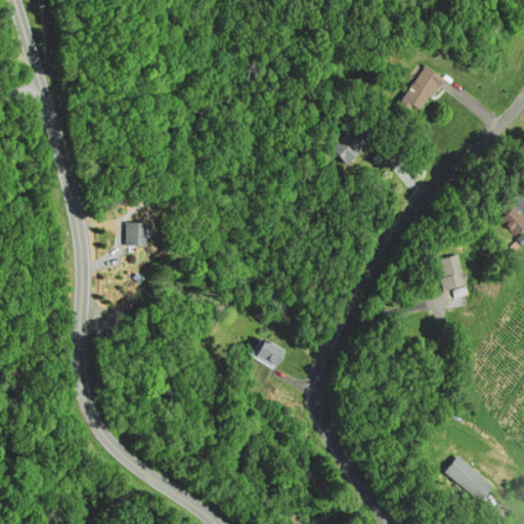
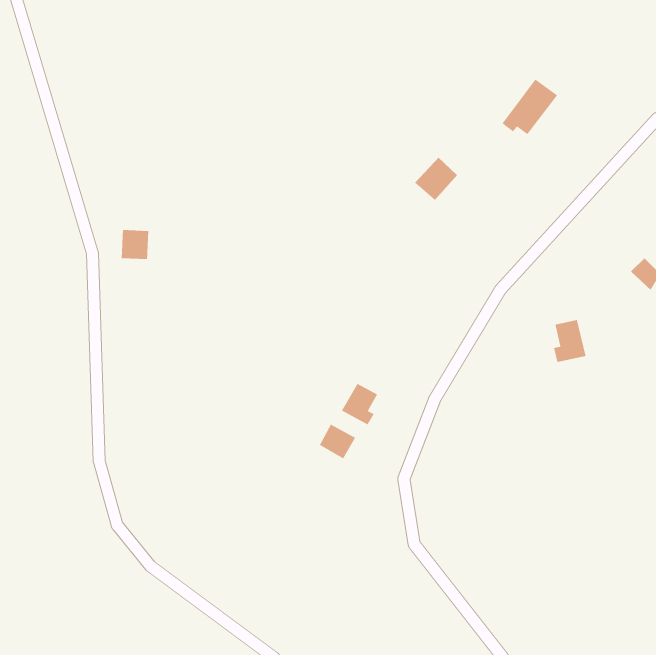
building: [124,221,146,246] -> [121,229,149,260]
building: none -> [341,383,378,426]
building: [446,457,493,503] -> none

